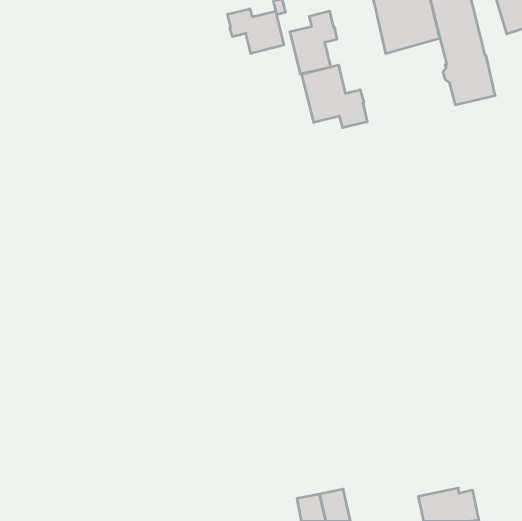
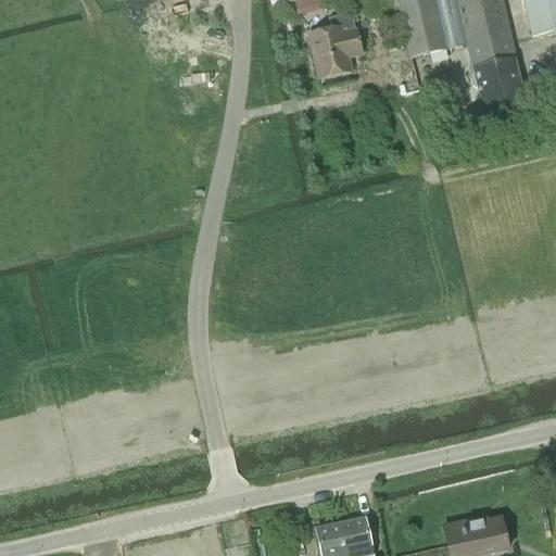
building: [228,9,284,54] -> none
building: [302,65,367,128] -> none

